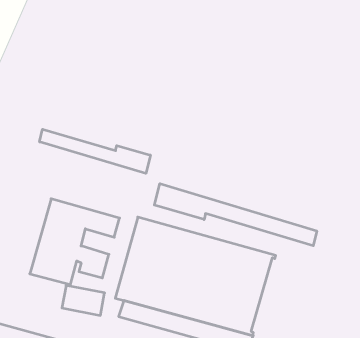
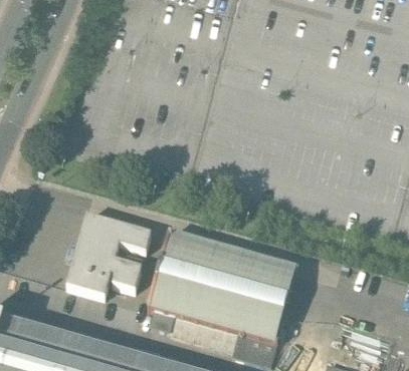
building: [40,129,150,173] -> none
building: [154,184,317,246] -> none

